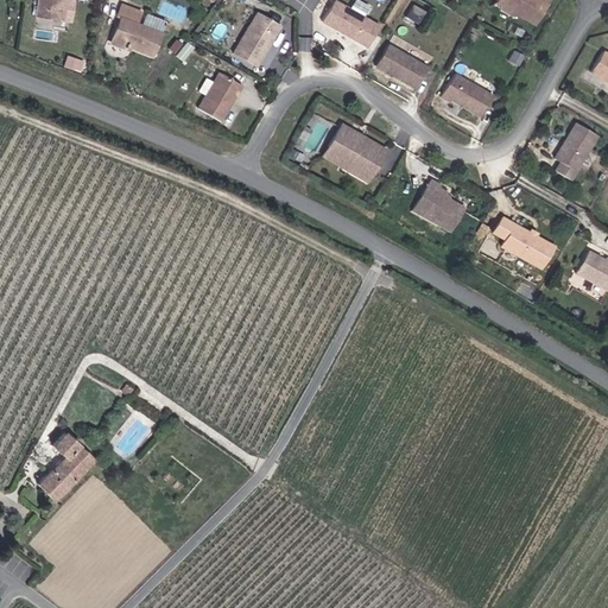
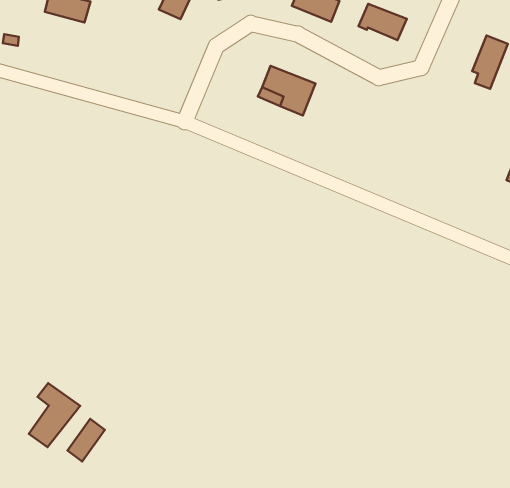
building: [200,72,242,121] -> none
building: [416,178,466,228] -> none
building: [495,216,556,266] -> none
building: none -> [67,419,105,462]

